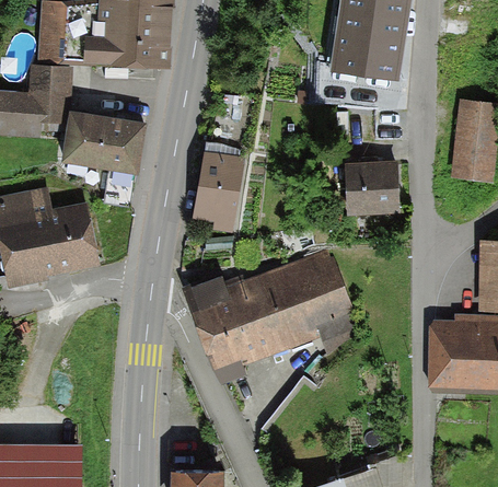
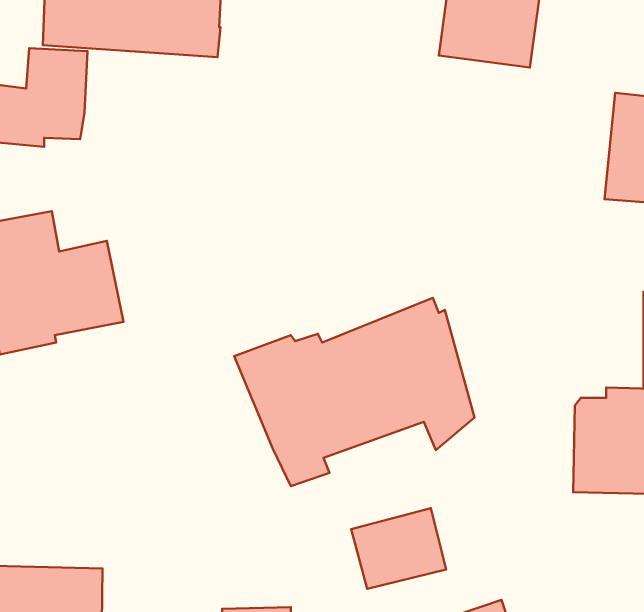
building: [61,112,146,205] -> none
building: [193,153,243,231] -> none
building: [343,160,399,217] -> none
building: none -> [351,508,446,589]

